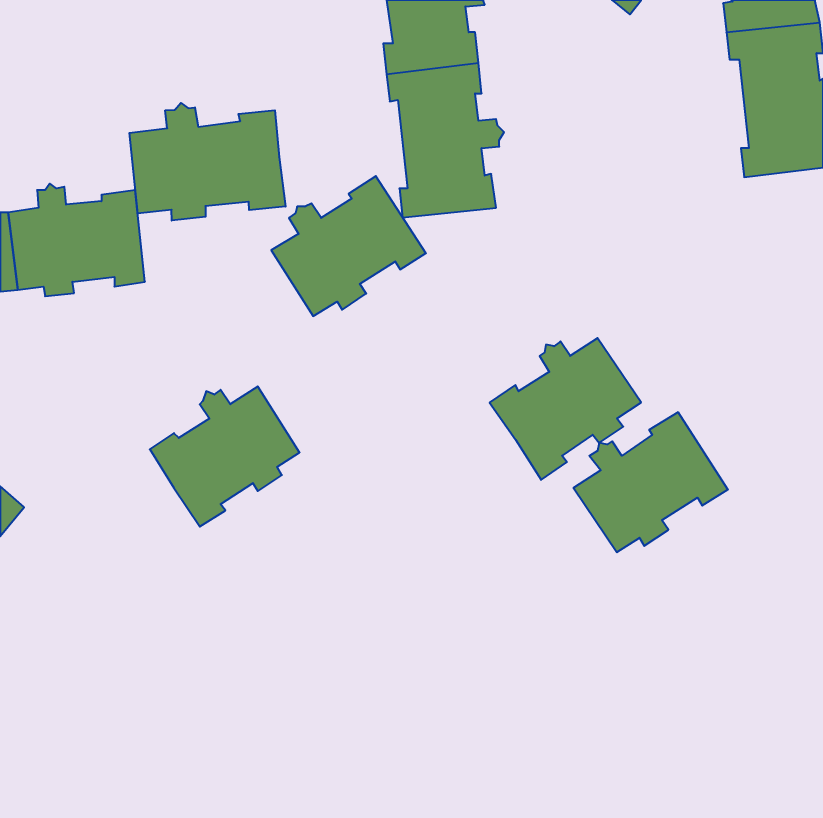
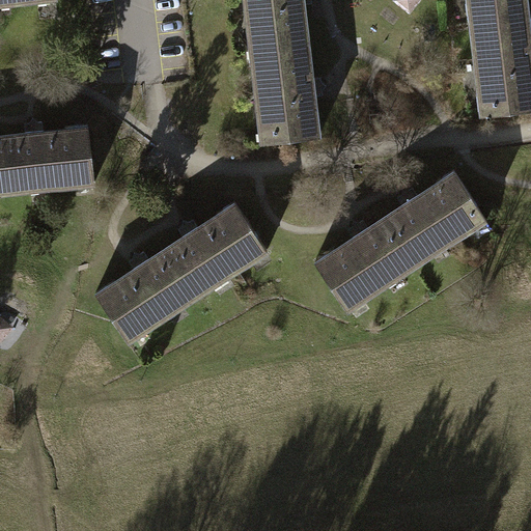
building: [129,103,286,221] -> none
building: [271,176,426,316] -> [166,204,266,295]
building: [573,412,728,552] -> [385,172,484,262]

